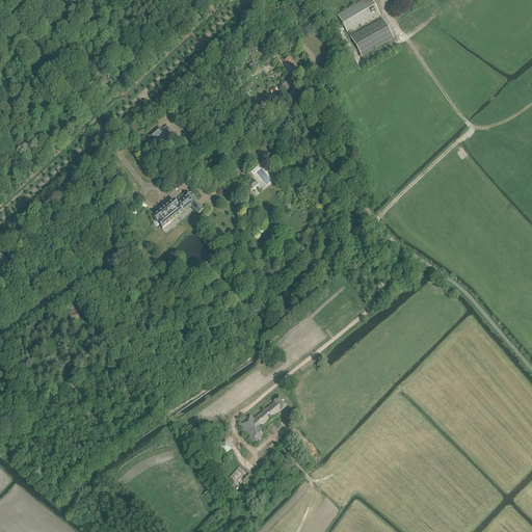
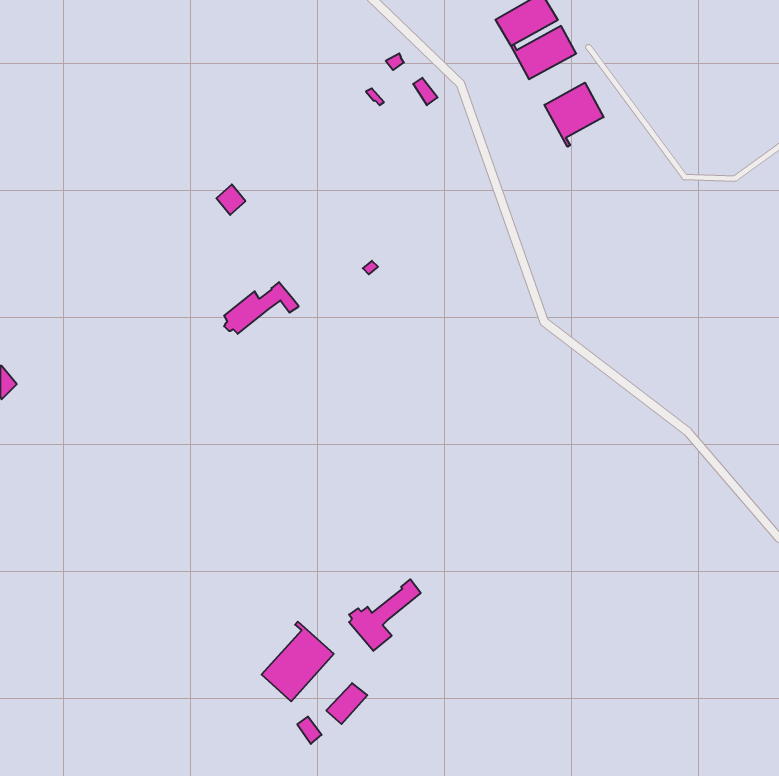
building: none -> [544,83,604,147]
building: none -> [262,622,334,701]

